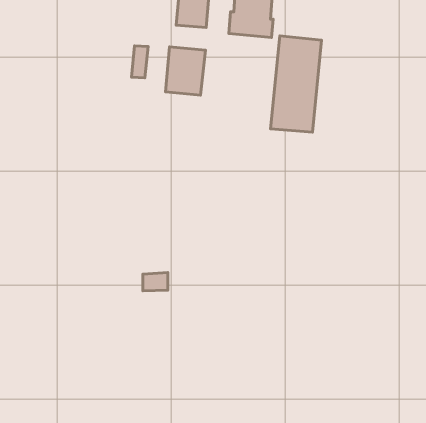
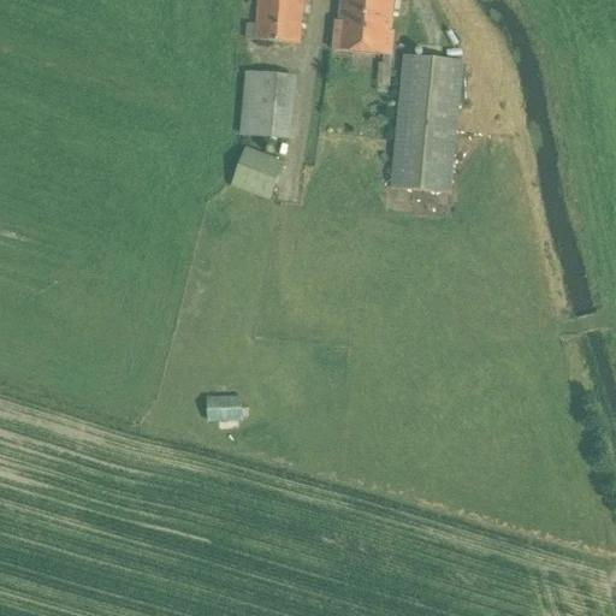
building: [132,46,148,78] -> none
building: none -> [230,144,283,197]

